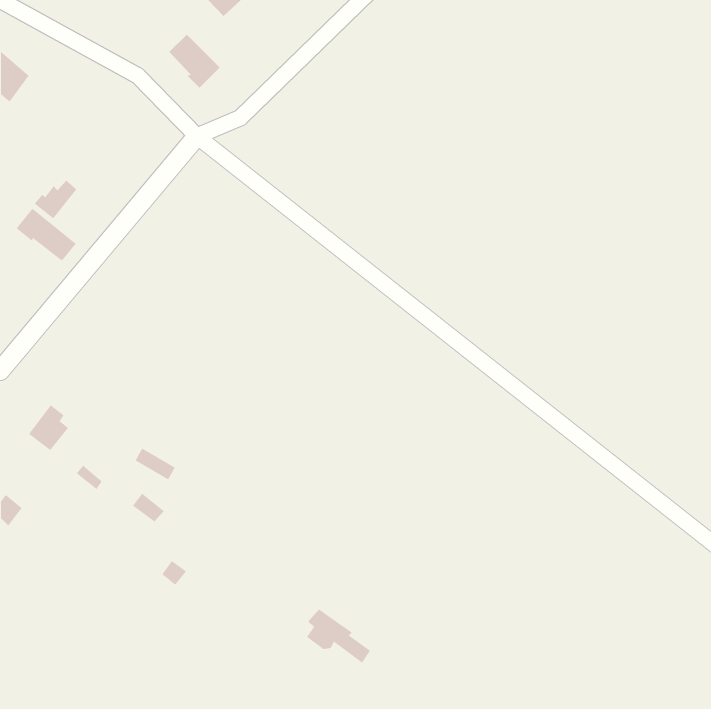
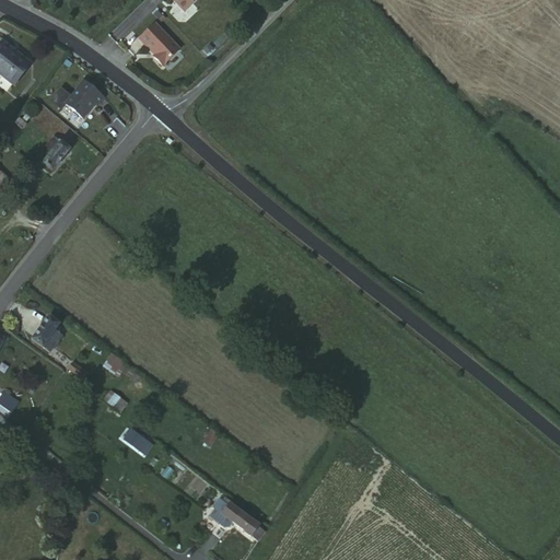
building: none -> [69,74,110,116]
building: [16,208,76,261] -> none
building: [306,609,371,663] -> [211,498,261,540]

